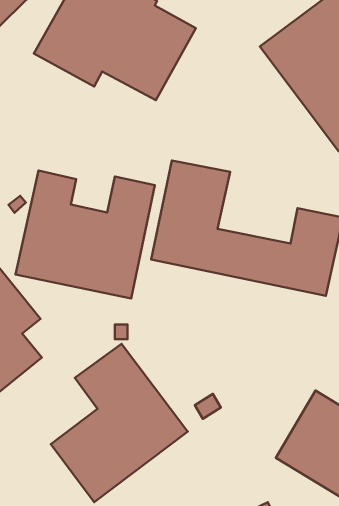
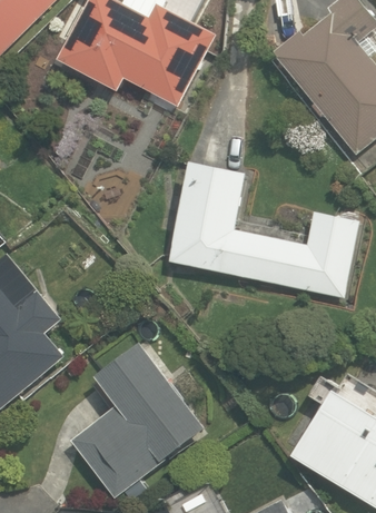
building: [16,171,155,299] -> none

